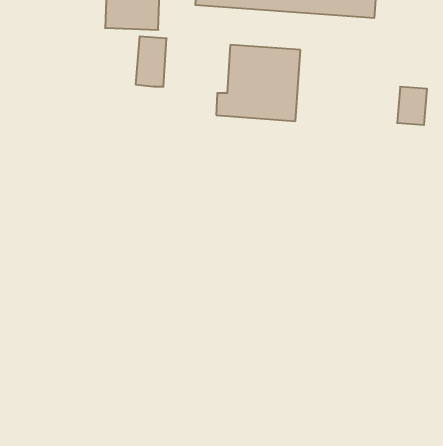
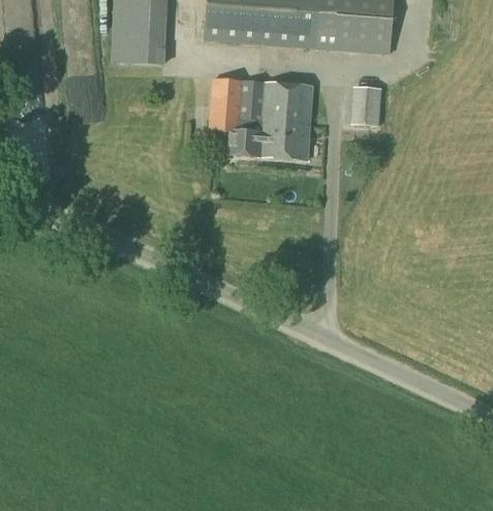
building: [136,36,167,86] -> [208,78,240,130]
building: [397,87,427,125] -> [350,86,381,125]

